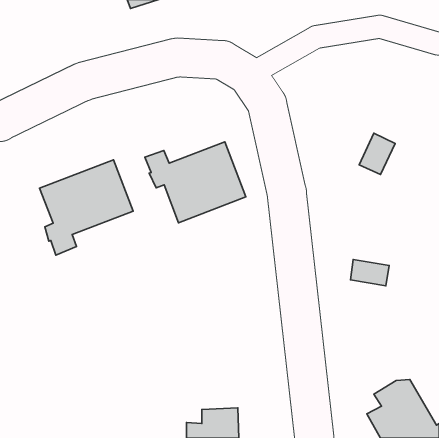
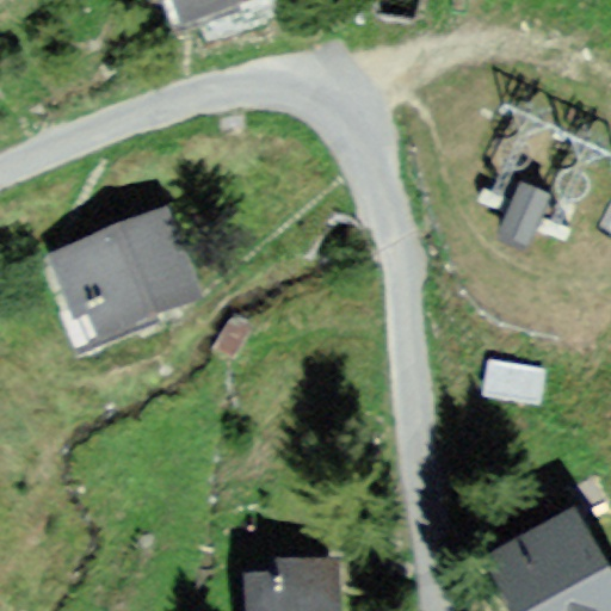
building: [145,142,246,223] -> none

